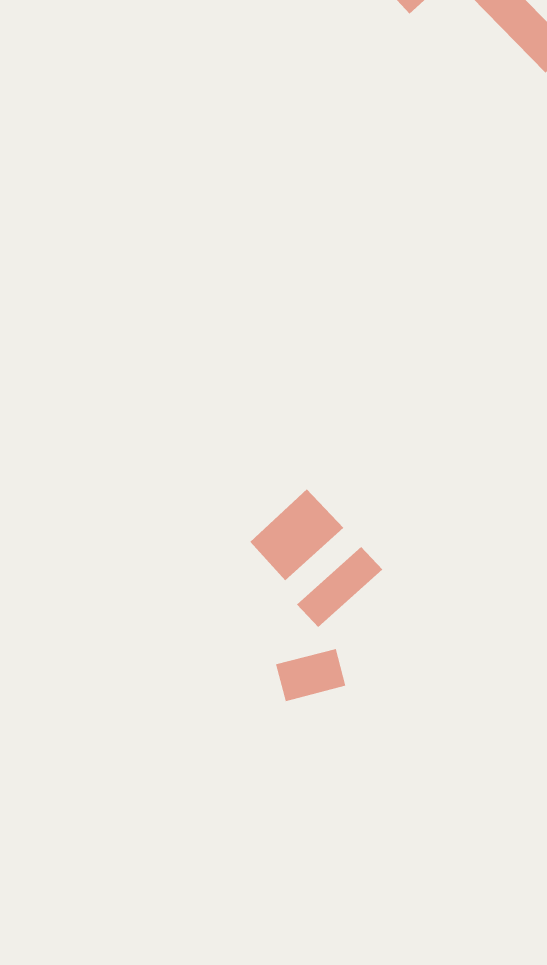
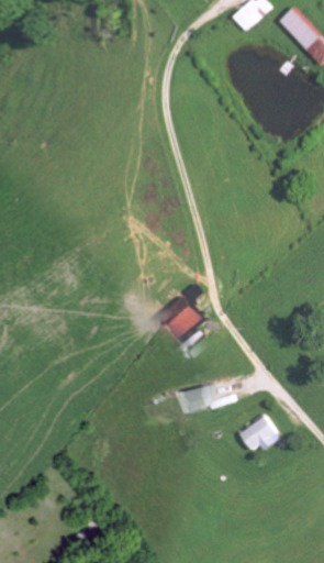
building: [296,546,383,628] -> none
building: none -> [239,416,279,450]

